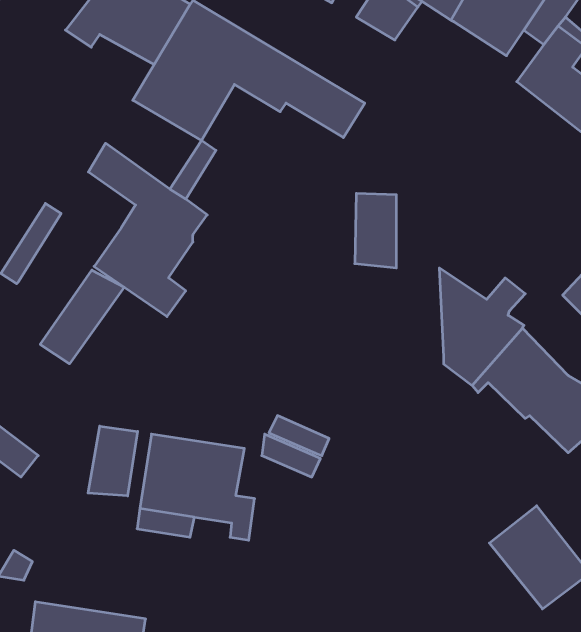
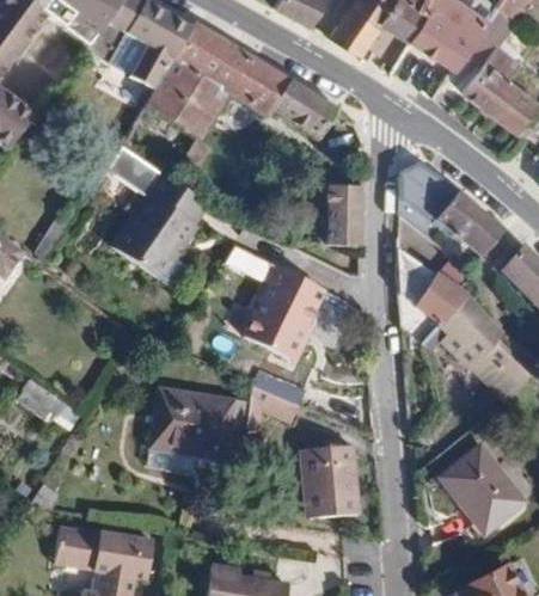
building: none -> [400,162,507,258]
building: [40,270,124,364] -> none
building: none -> [246,263,326,357]
building: [88,426,138,496] -> none
building: none -> [299,446,363,516]

